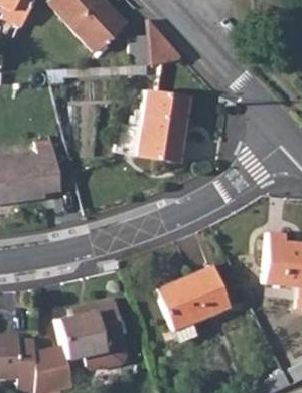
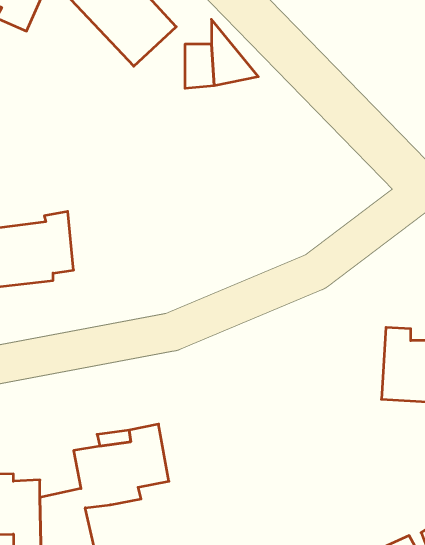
building: [137,91,192,163] -> none
building: [156,267,229,330] -> none
building: [83,336,127,368] -> none

